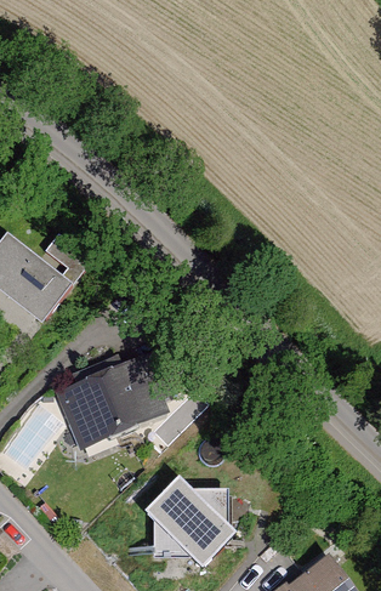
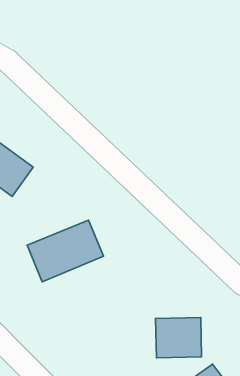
building: [157,494,223,552] -> [155,318,202,358]

